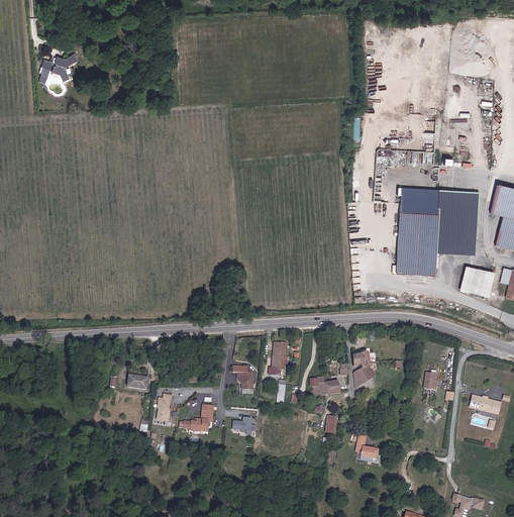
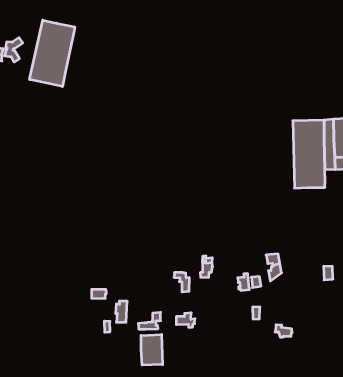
building: none -> [30,20,75,87]
building: none -> [141,334,163,365]

